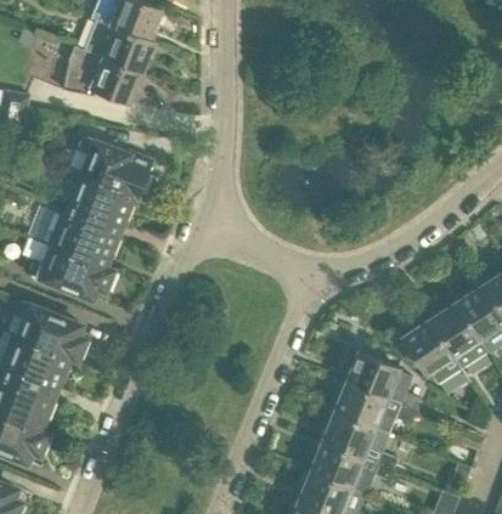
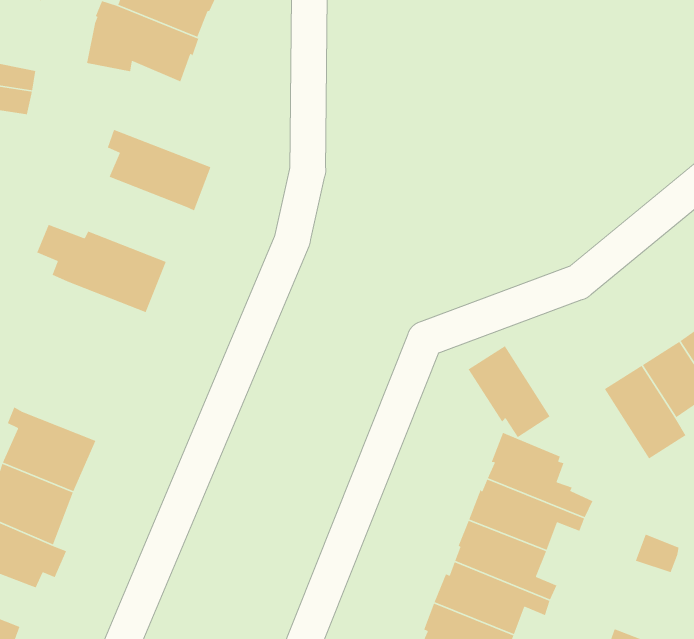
building: [56,168,135,231] -> none
building: [30,245,114,299] -> none
building: [9,300,88,360] -> none
building: [402,321,462,386] -> [467,345,552,438]

